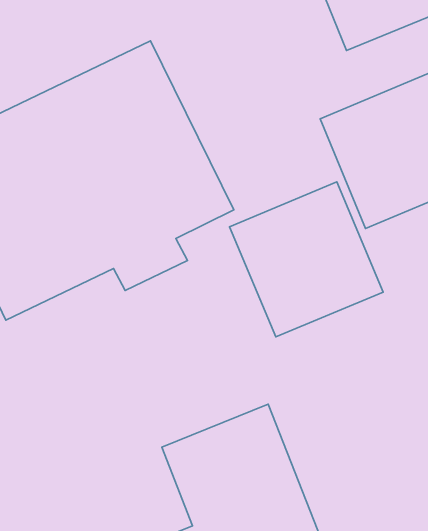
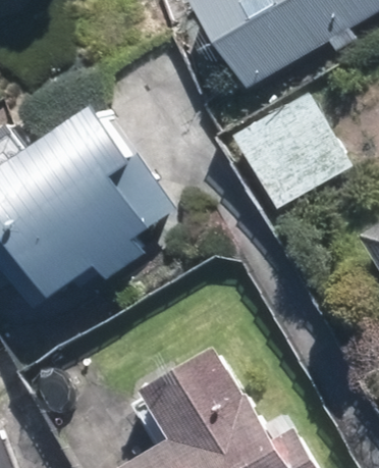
building: [230,182,383,337] -> none

